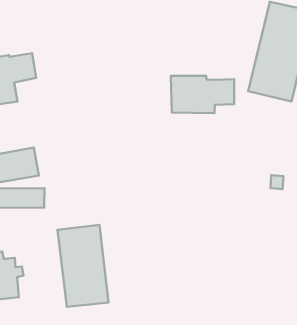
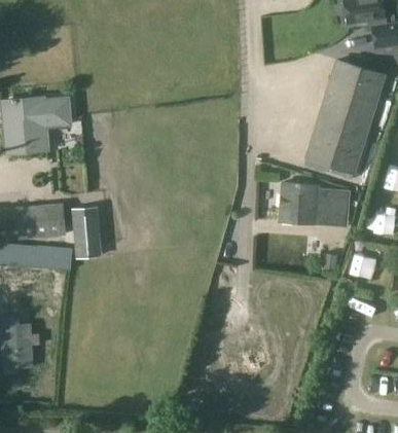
building: [171,76,234,113] -> [279,181,351,226]
building: none -> [72,206,102,257]
building: [58,225,108,307] -> none

